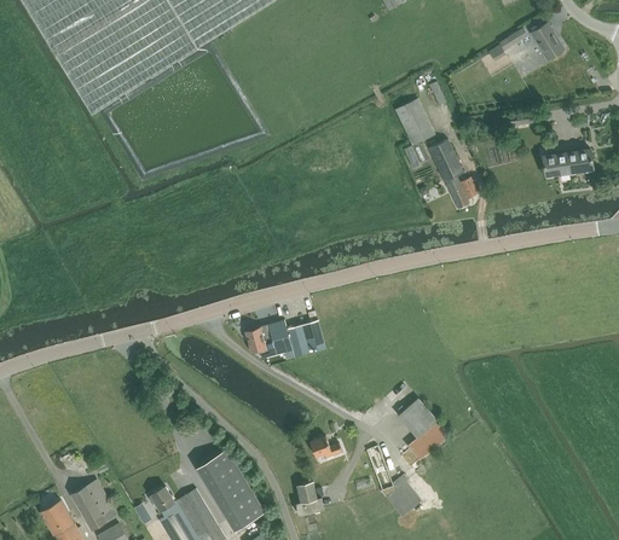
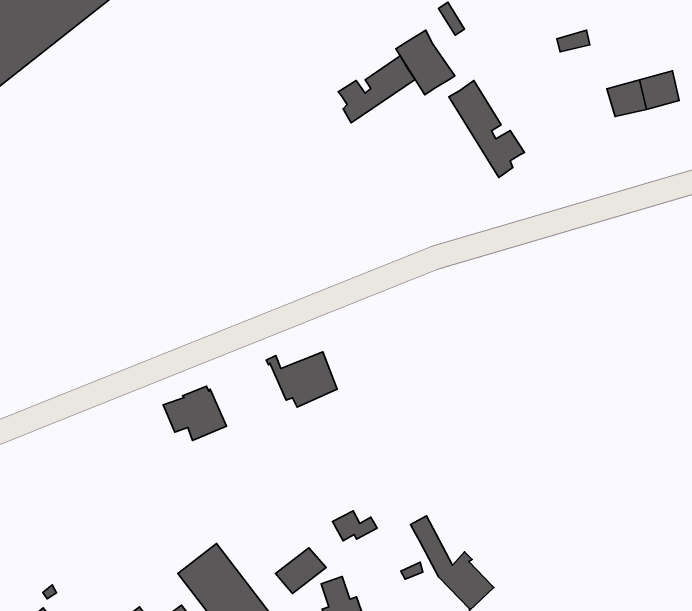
building: none -> [338,56,415,123]
building: [243,320,287,358] -> [163,386,226,440]
building: [397,397,449,460] -> none
building: none -> [275,548,326,593]

